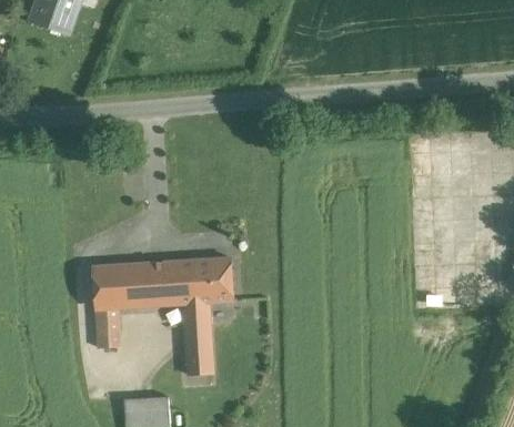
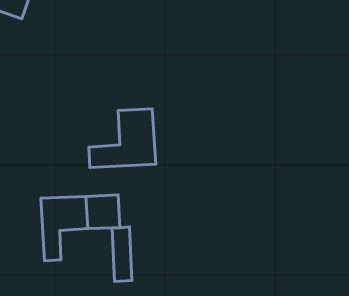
building: none -> [89,109,156,168]
building: [192,260,231,303] -> none

